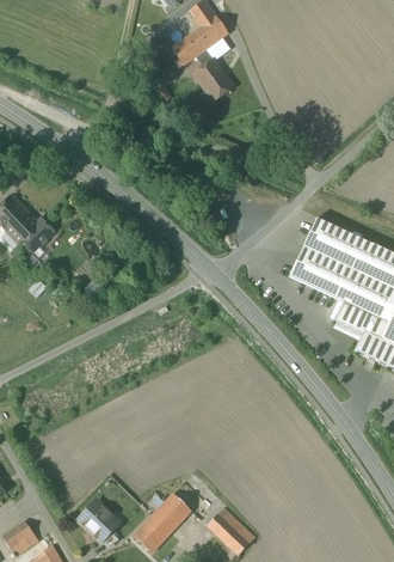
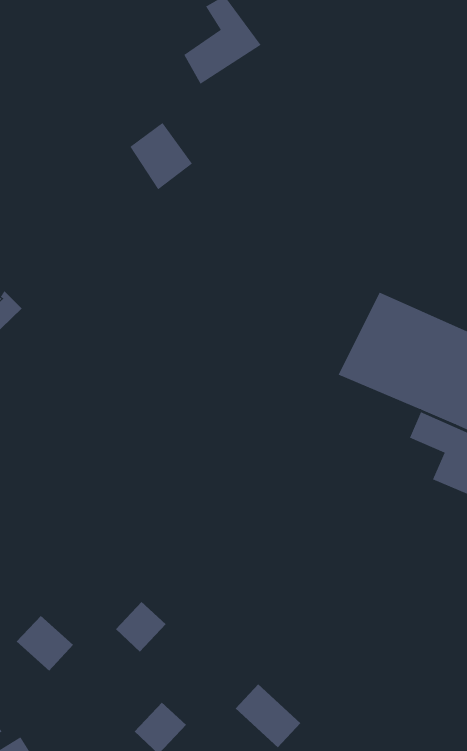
building: [190,57,235,106] -> [130,122,193,190]
building: [156,493,193,530] -> [115,601,167,652]
building: [80,500,122,540] -> [16,615,74,671]

